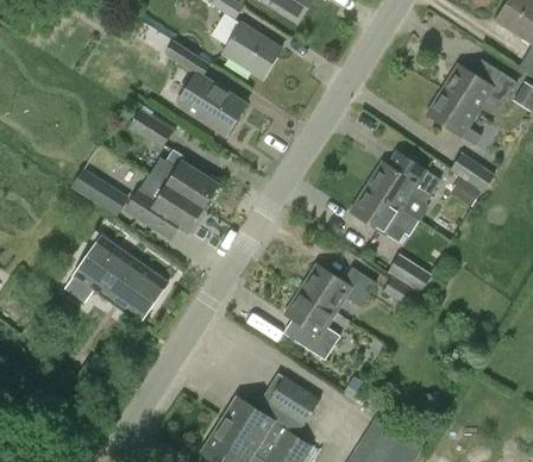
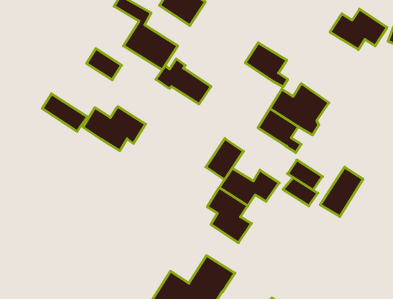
building: [425,87,479,144] -> [245,43,288,87]
building: [148,148,219,206] -> [156,59,211,104]
building: [449,150,496,192] -> none
building: none -> [206,138,244,180]
building: [74,236,168,321] -> none
building: none -> [320,167,363,217]

